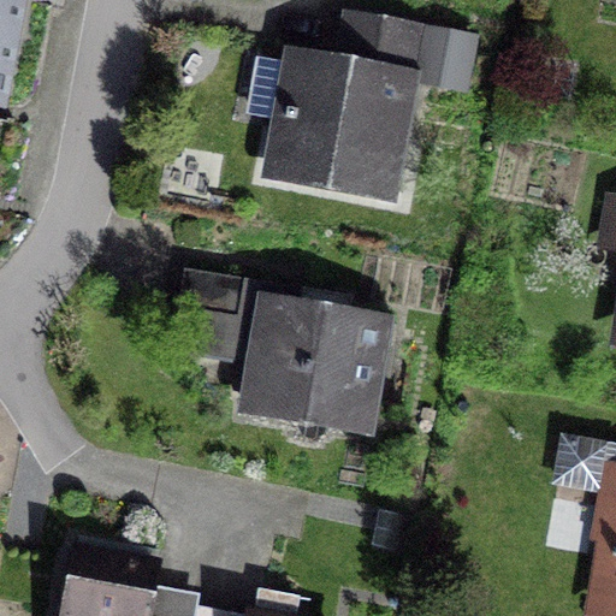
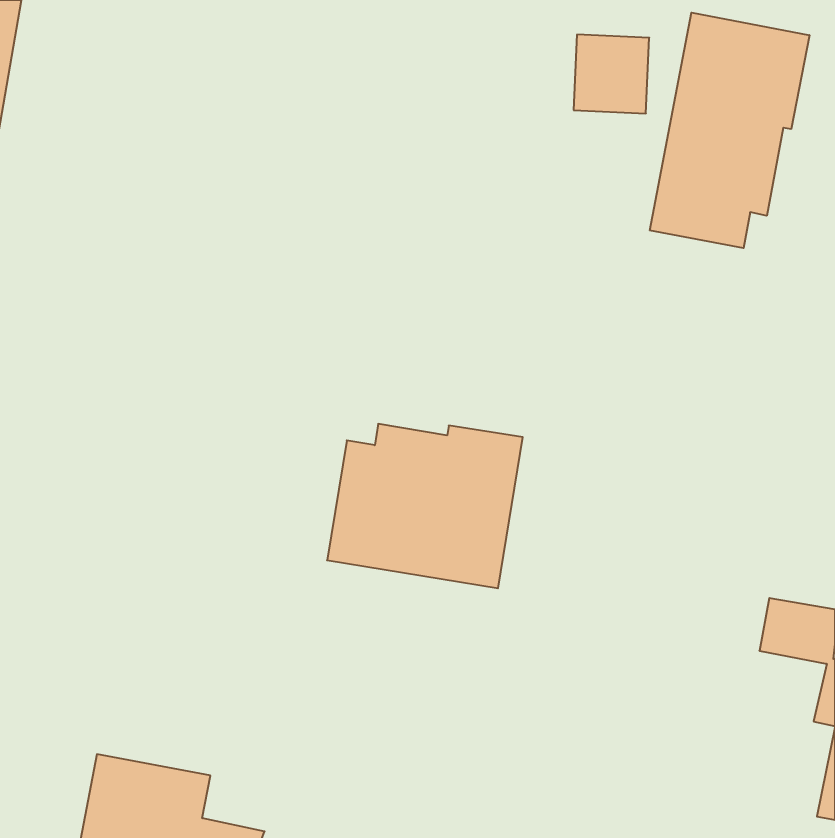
building: none -> [650,13,809,248]
building: [270,18,415,189] -> none

